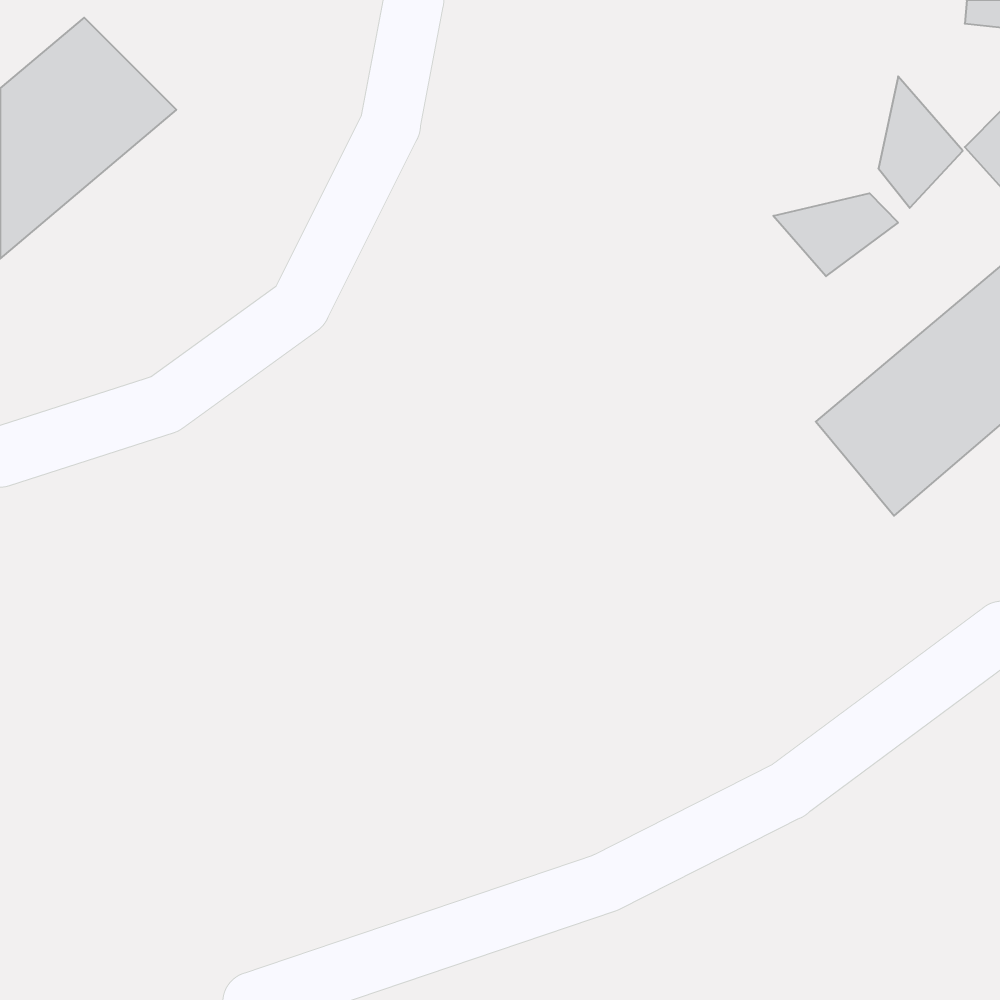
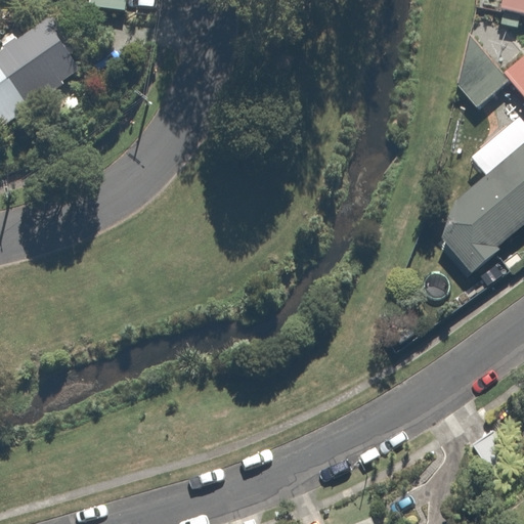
building: [773,193,898,276] -> none

